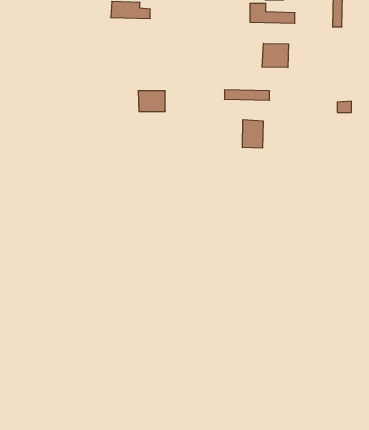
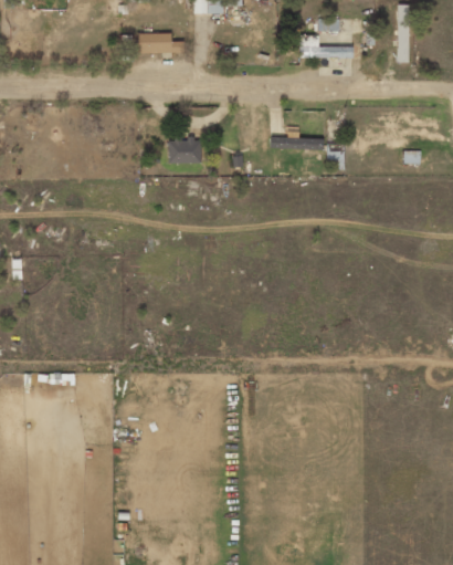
building: [262,43,288,68] -> none
building: [242,120,263,148] -> none

